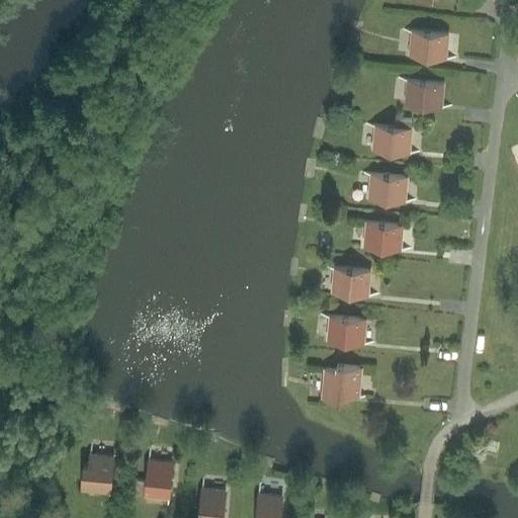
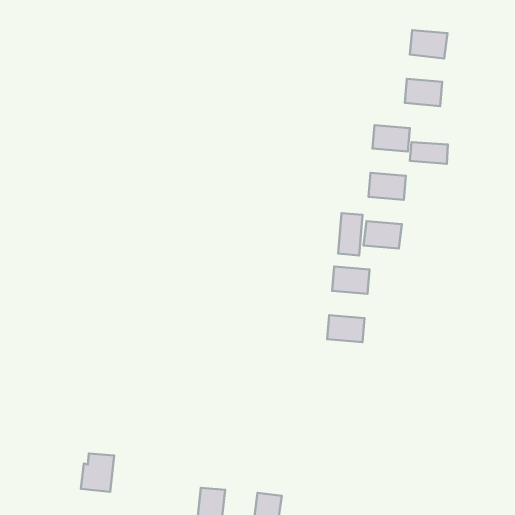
building: none -> [410,142,448,164]
building: none -> [338,213,363,255]
building: [323,366,361,402] -> none
building: [134,461,172,499] -> none

